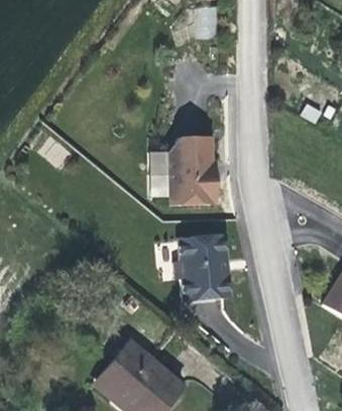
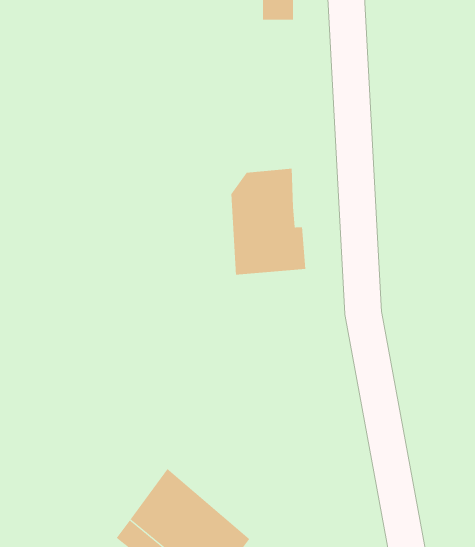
building: [172,224,227,289] -> none

